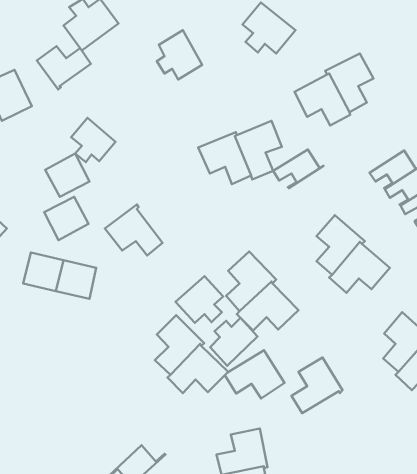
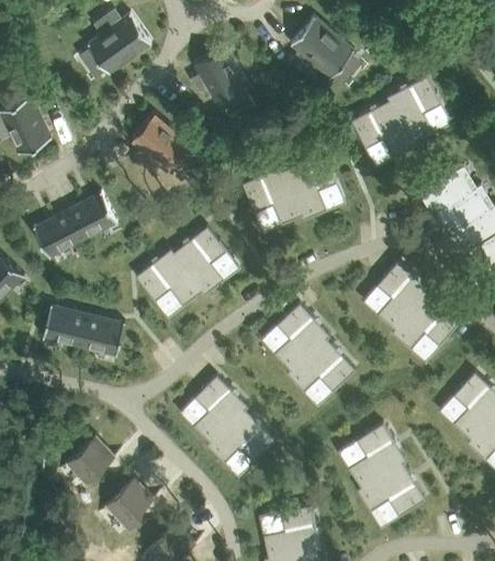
building: [37,46,91,89] -> none
building: [71,118,116,162] -> [134,119,184,169]
building: [273,150,323,188] -> [418,169,475,213]
building: none -> [170,226,225,296]
building: [44,197,88,240] -> [32,210,82,259]
building: [176,276,223,323] -> none
building: [210,318,258,366] -> none
building: [225,350,284,398] -> [356,462,424,517]
building: none -> [57,438,122,484]
building: none -> [97,479,161,529]

